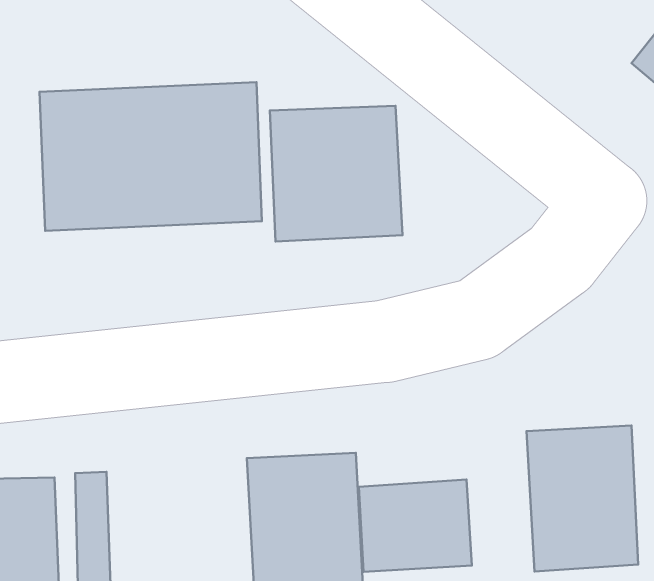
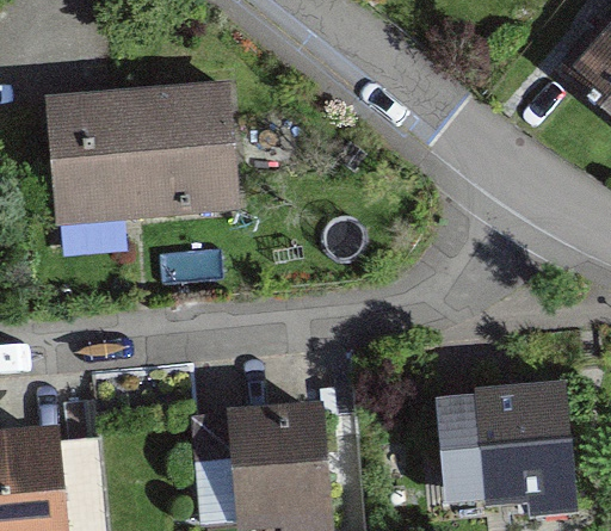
building: [270,106,403,241] -> none
building: [359,480,472,572] -> none

